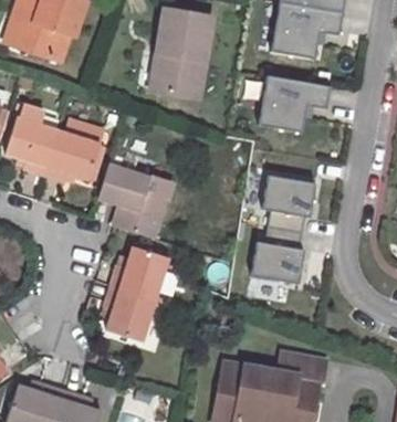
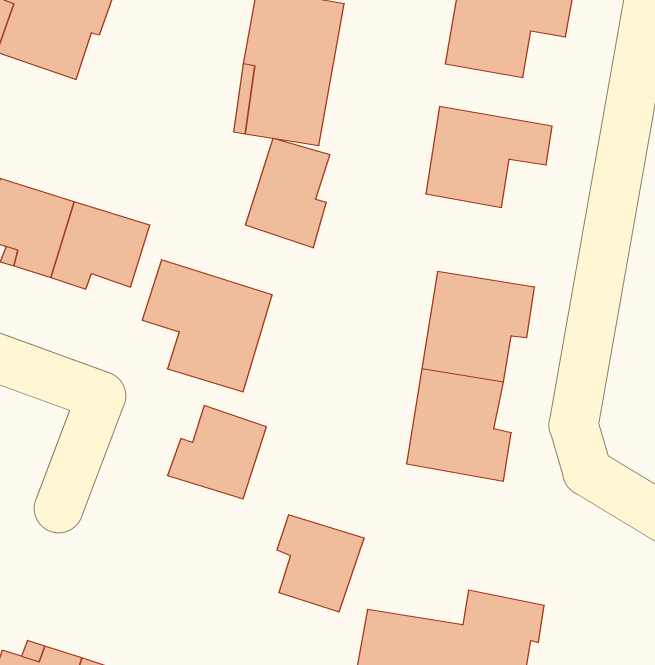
building: none -> [246,138,330,248]
building: [105,286,155,341] -> [277,515,364,612]

